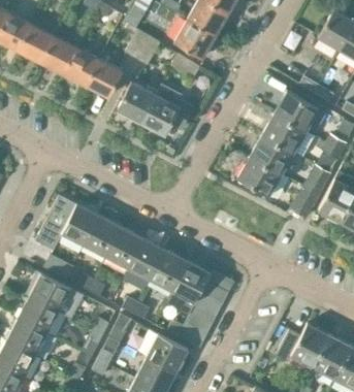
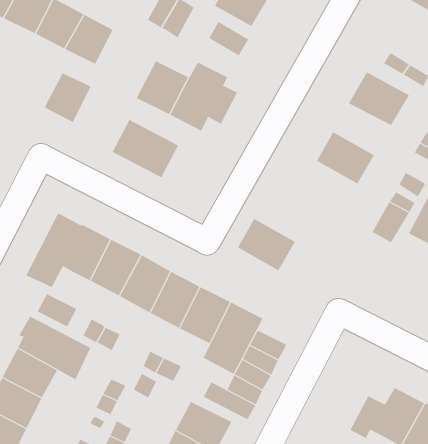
building: [87,61,122,98] -> [44,73,91,123]
building: [262,116,305,154] -> none
building: none -> [112,119,179,178]
building: [237,158,281,197] -> [237,218,296,271]

